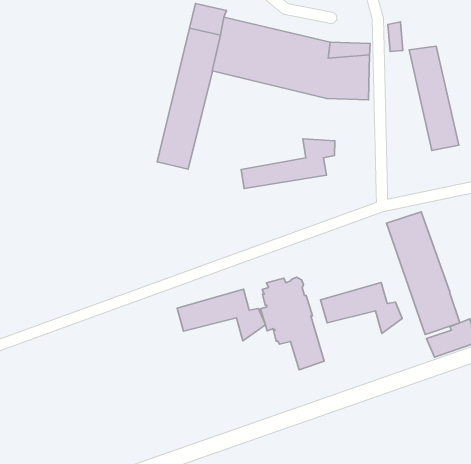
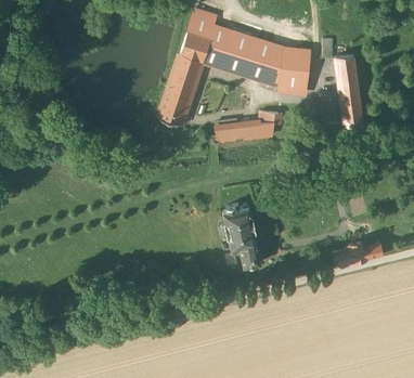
building: [387,212,460,335] -> none
building: [321,283,402,334] -> none
building: [177,289,265,341] -> none

